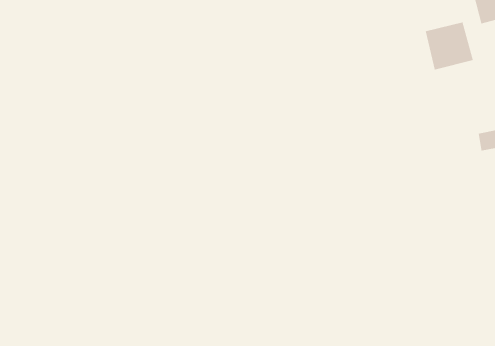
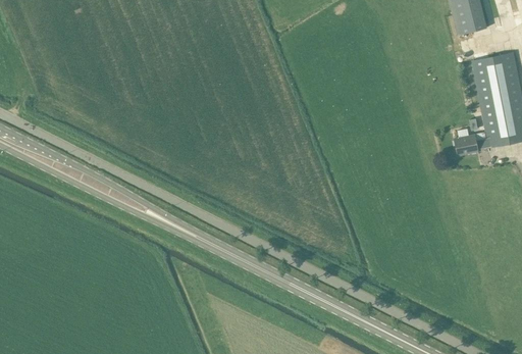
building: [425,21,474,70] -> none

